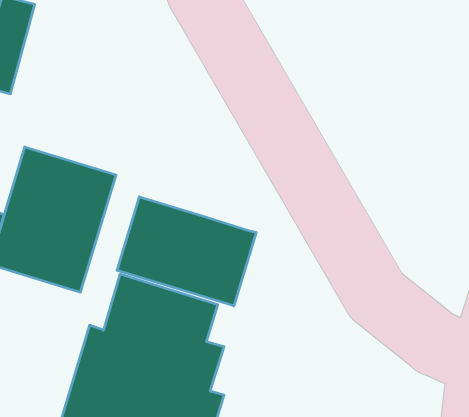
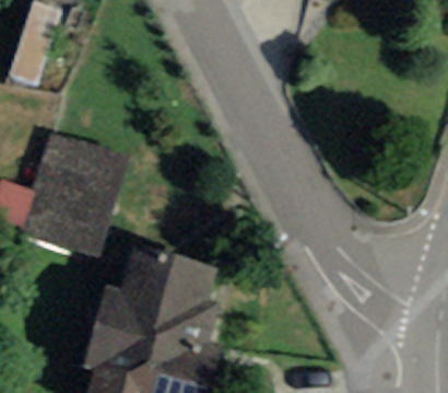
building: [117,197,256,306] -> none

